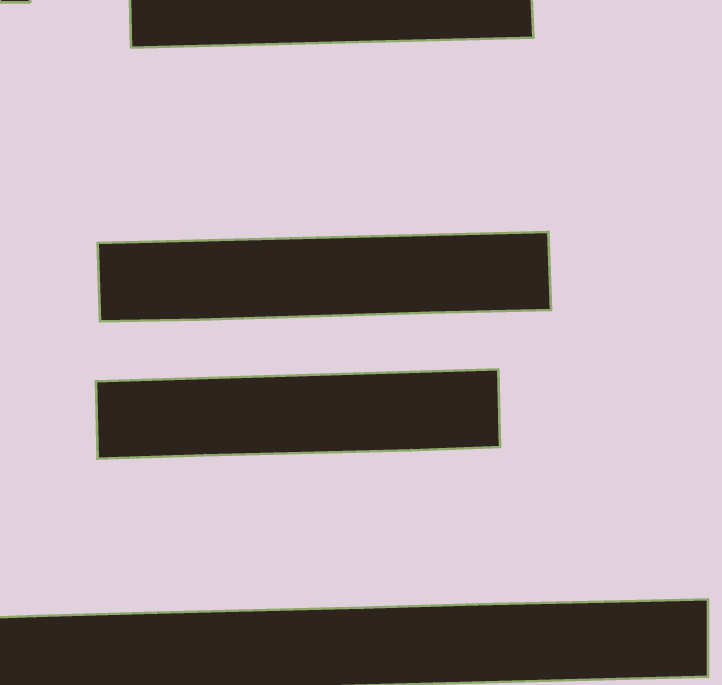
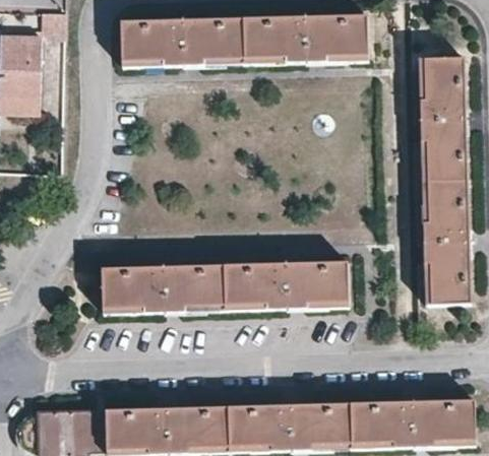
building: none -> [418,57,471,306]
building: [98,232,551,321] -> none

